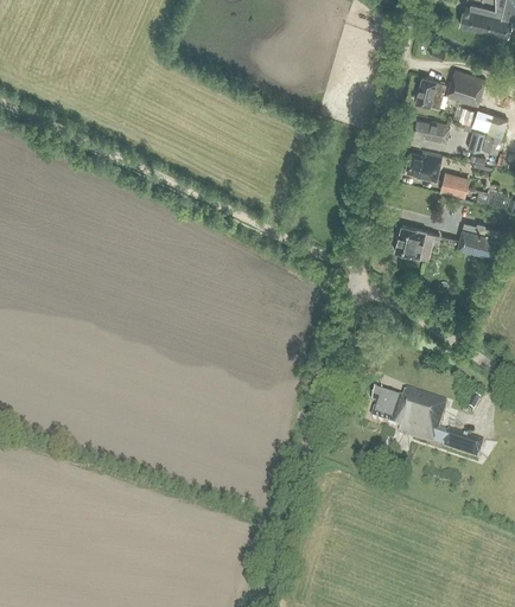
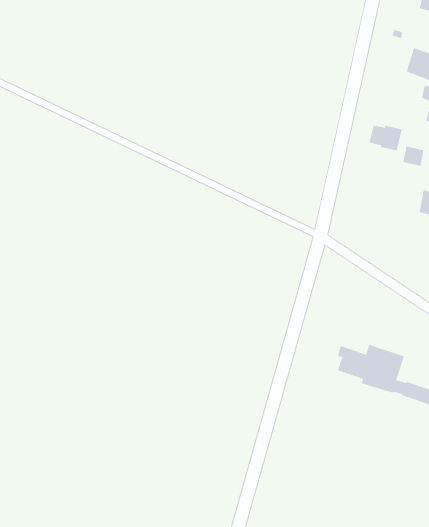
building: [414,76,446,108] -> none
building: [413,119,450,142] -> none
building: [394,224,433,256] -> none

